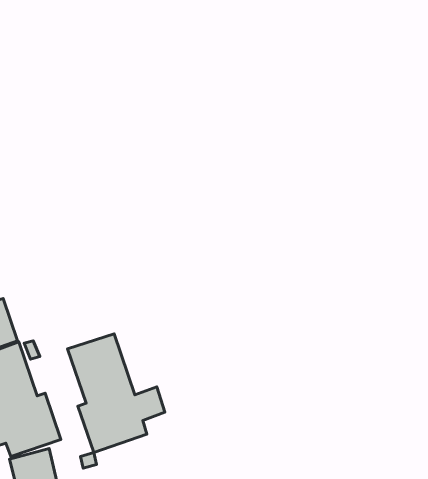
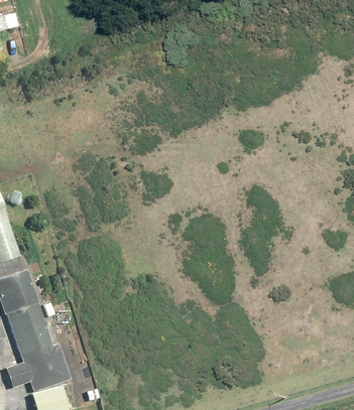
building: [68,334,165,453] -> none

